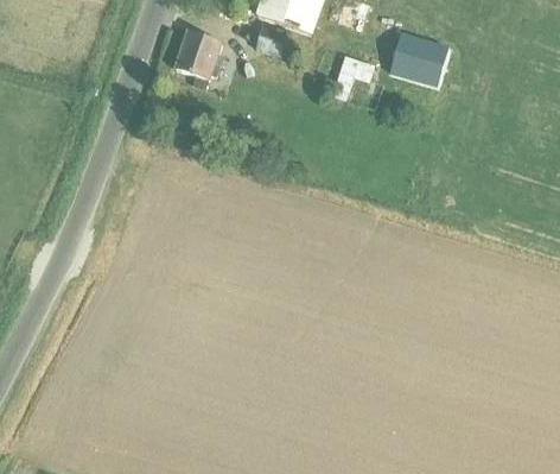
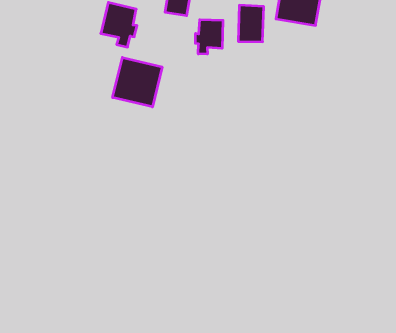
building: none -> [195,20,223,54]
building: none -> [113,57,162,107]

